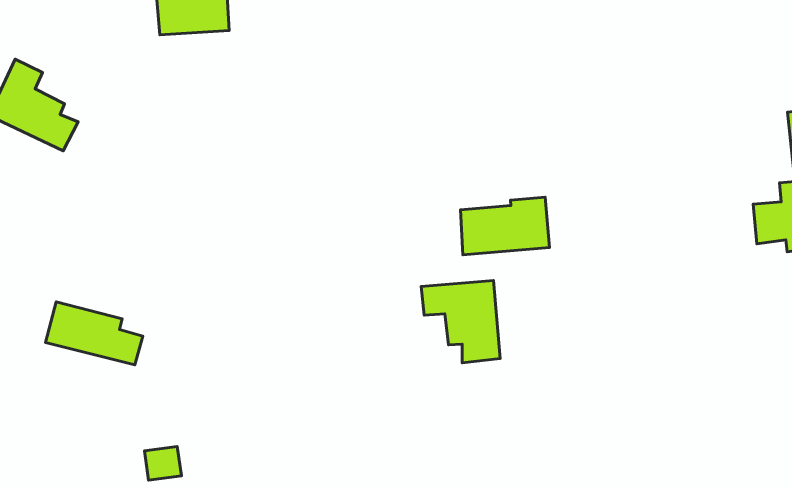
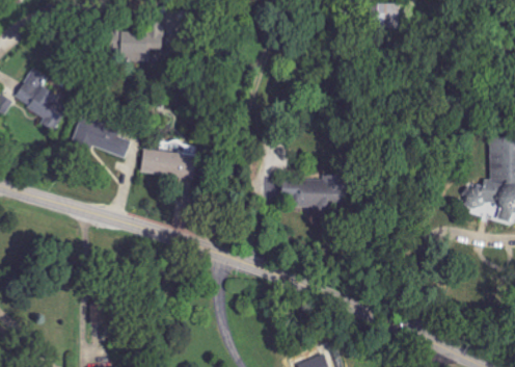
building: none -> [140,149,195,177]
building: [421,281,500,363] -> none
building: [46,302,143,365] -> [72,115,130,157]

